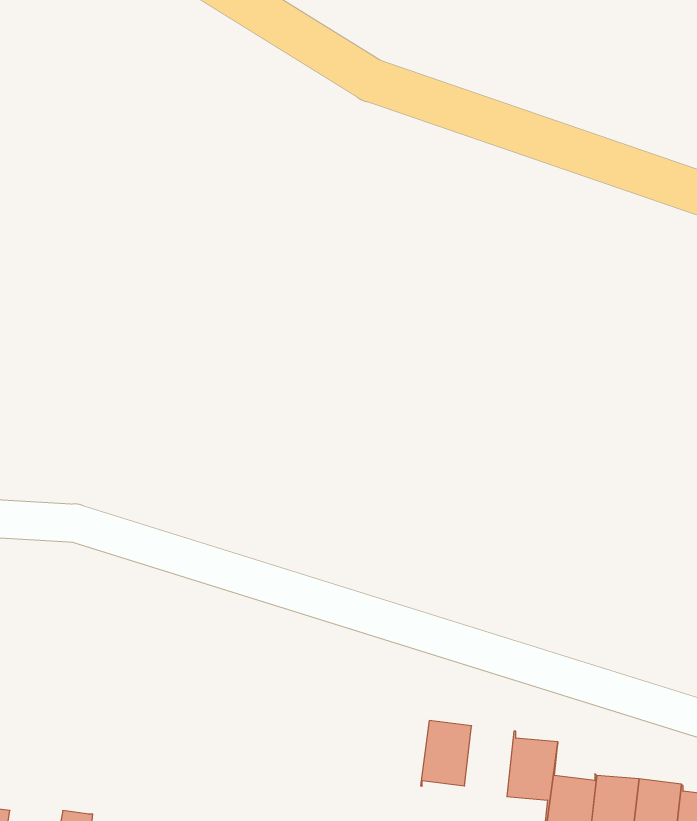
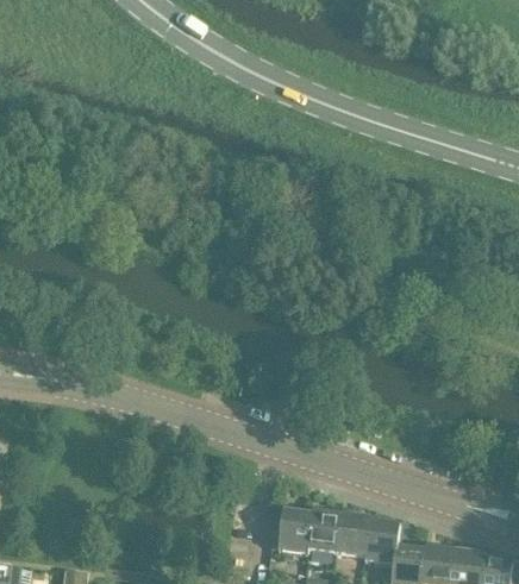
building: none -> [277,508,313,552]
building: none -> [337,511,370,559]

